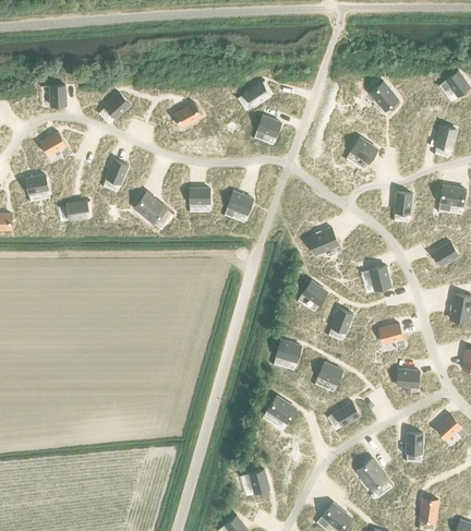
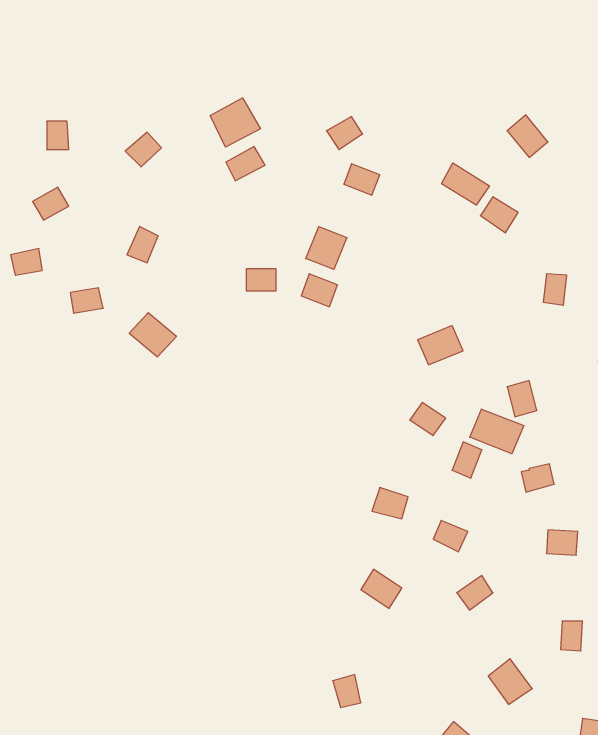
building: none -> [210,98,260,147]
building: none -> [442,163,489,205]
building: none -> [306,227,347,269]
building: [132,192,165,222] -> [129,313,176,357]
building: none -> [470,409,524,454]

